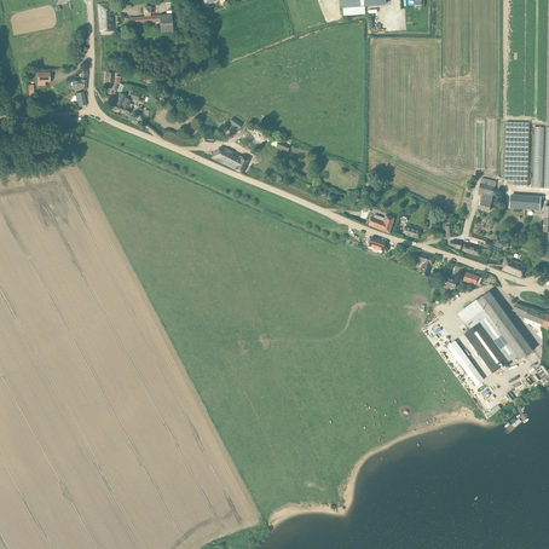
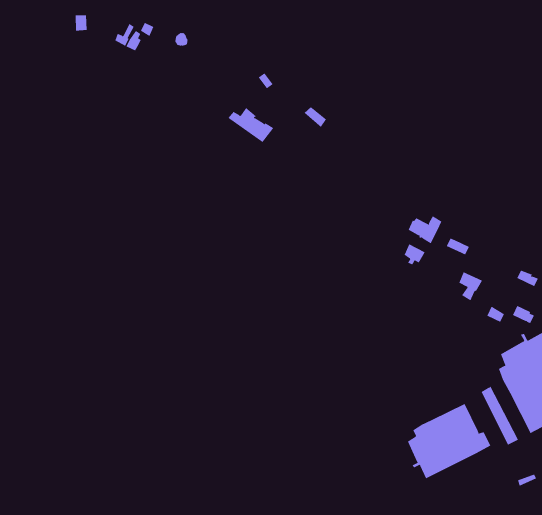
building: none -> [407,403,491,479]

